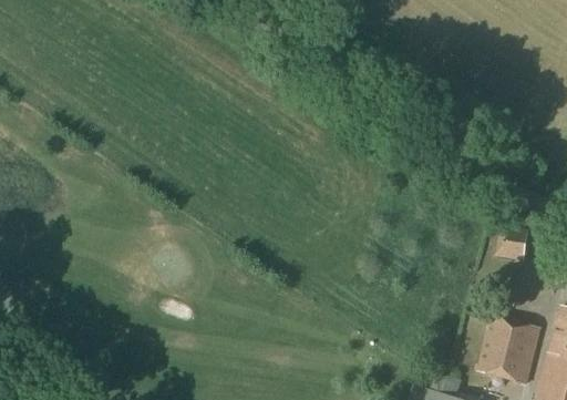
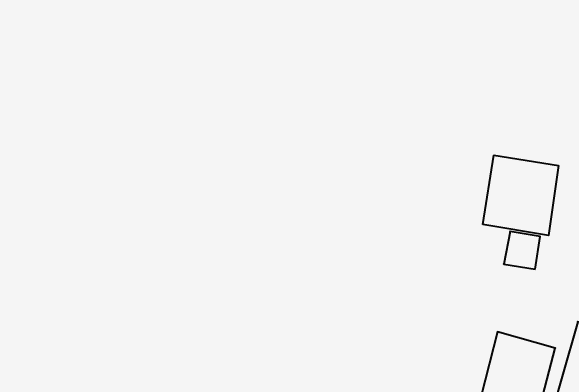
building: none -> [483,155,558,235]

